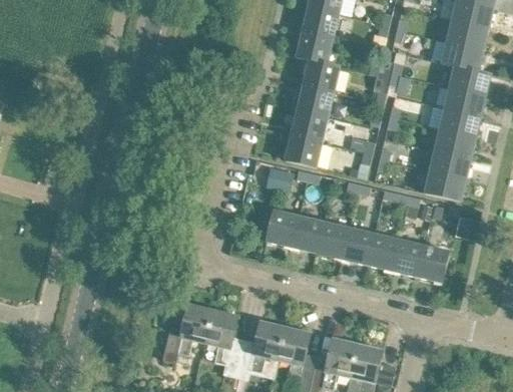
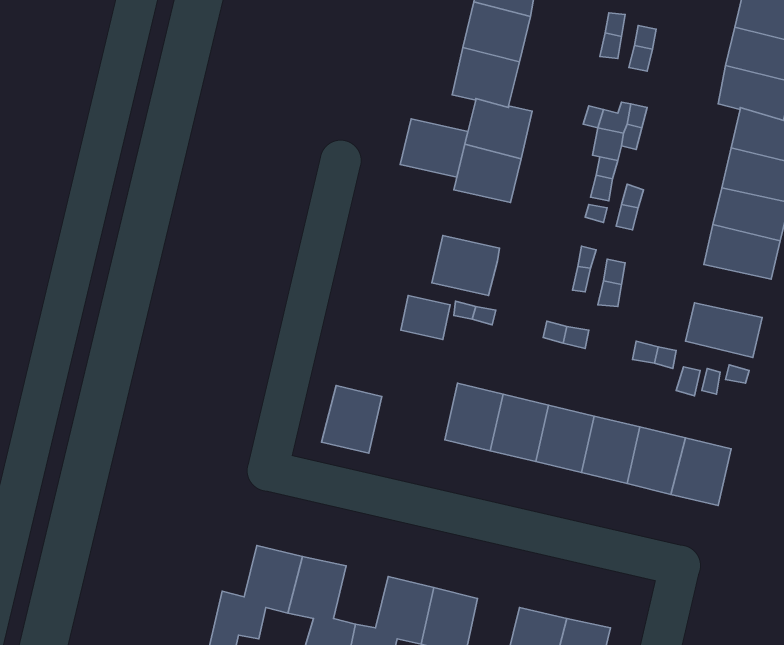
building: [291,108,328,140] -> [400,119,468,177]
building: [429,149,471,178] -> none
building: [266,209,299,246] -> [322,386,382,453]

